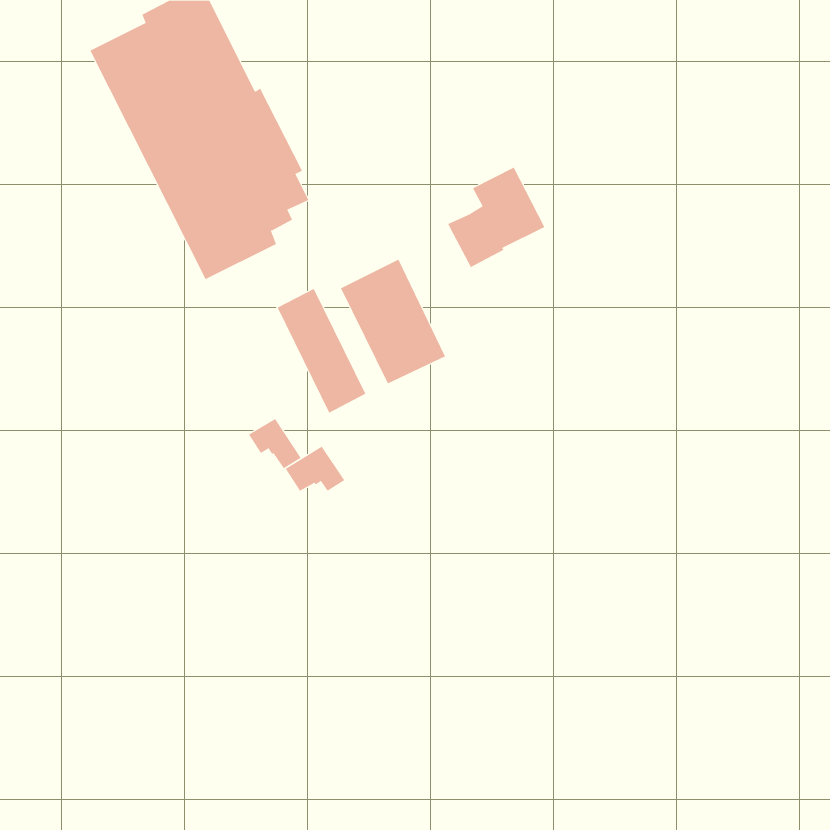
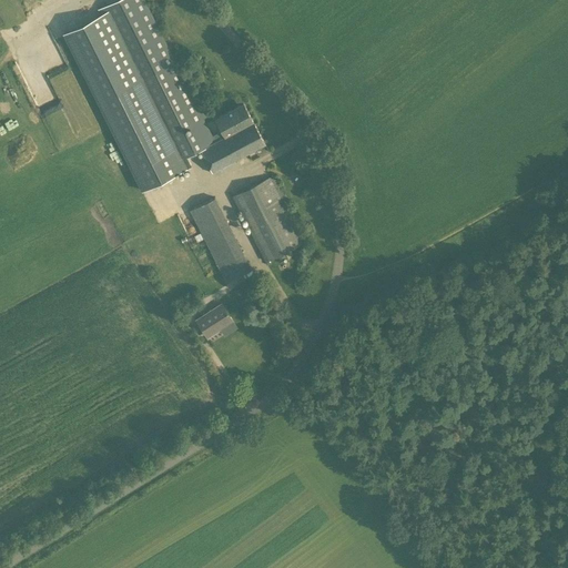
building: [448,167,545,268] -> [196,105,263,174]
building: [248,418,302,469] -> none

